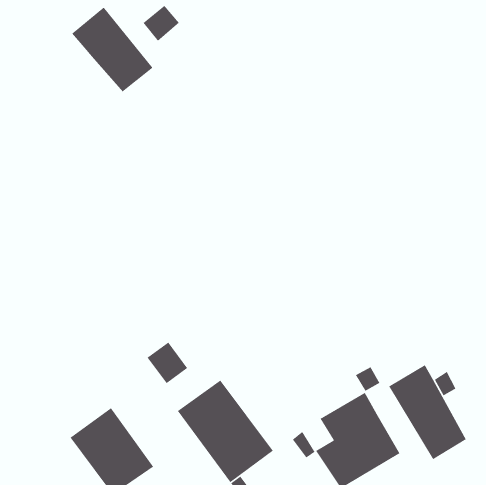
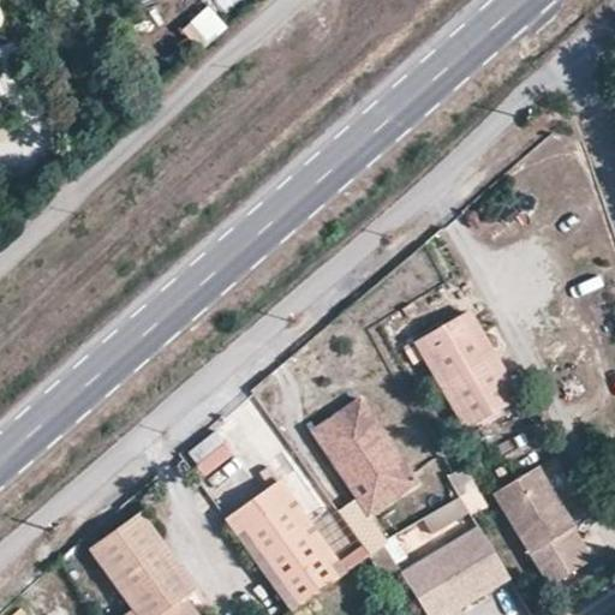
building: [71,6,154,93] -> none
building: none -> [417,312,518,430]
building: none -> [312,398,417,513]

